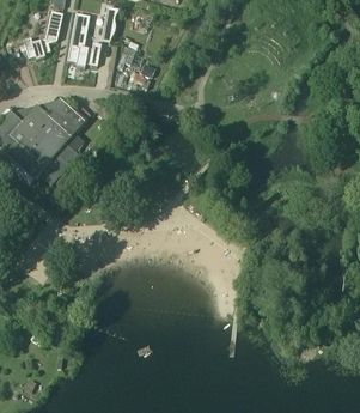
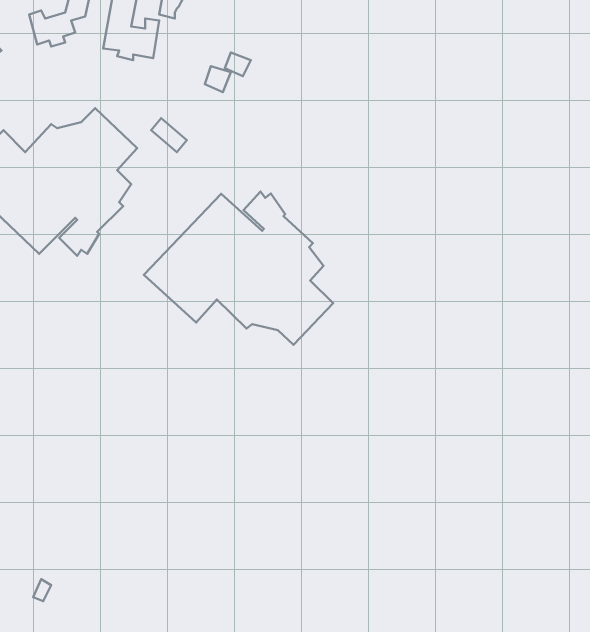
building: none -> [144,191,333,345]

